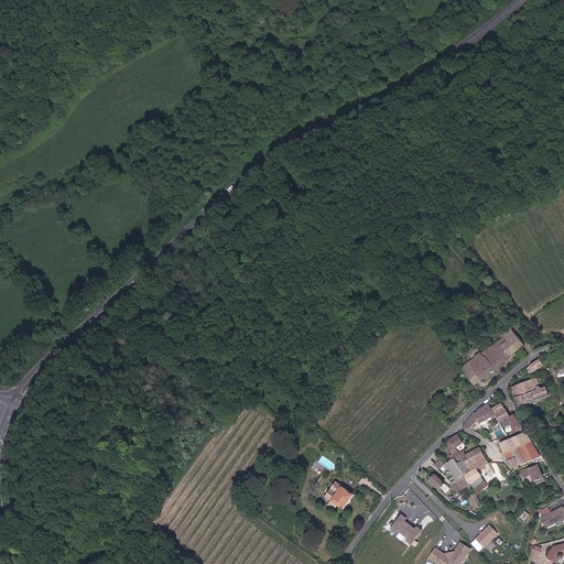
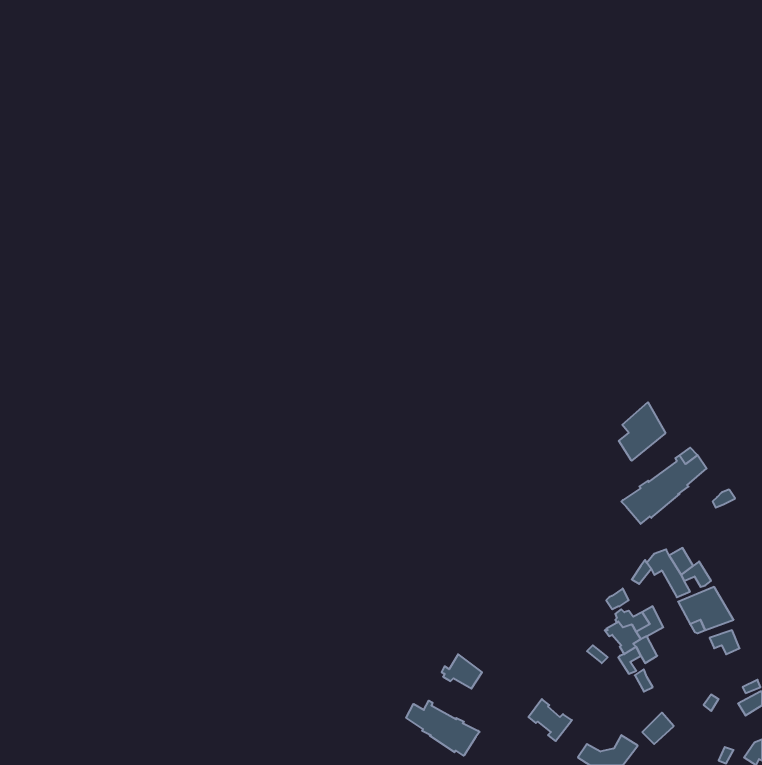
building: none -> [619,402,665,461]
building: [512,378,550,406] -> none
building: none -> [406,701,480,756]

